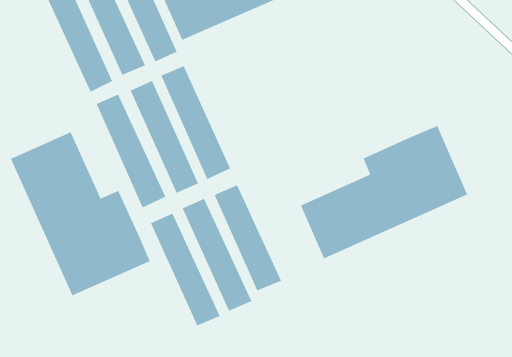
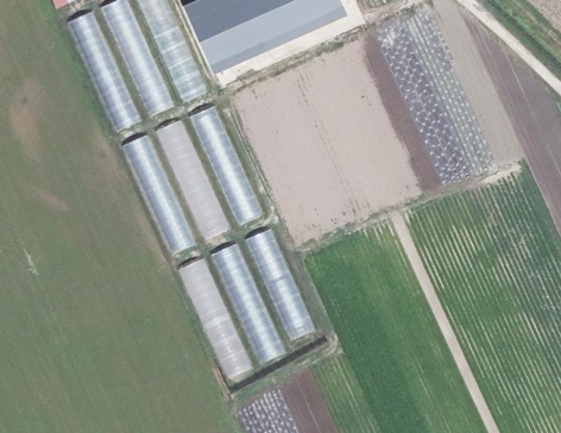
building: [300,125,468,259] -> none
building: [10,132,150,296] -> none

